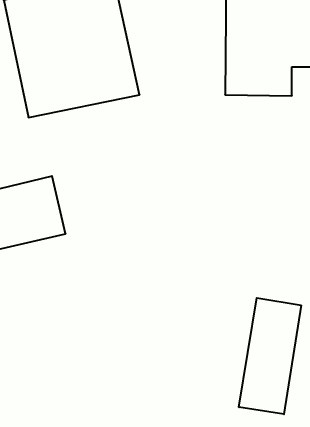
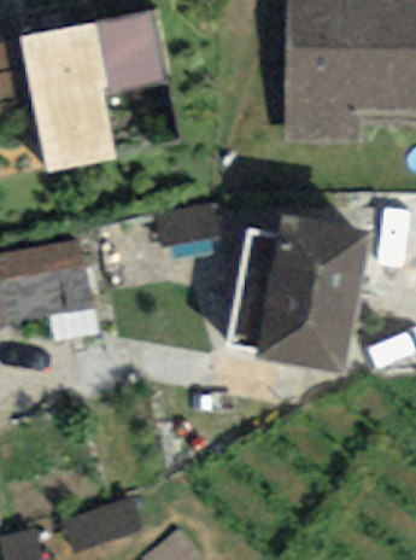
building: none -> [254,204,367,363]
building: [239,298,301,414] -> none

